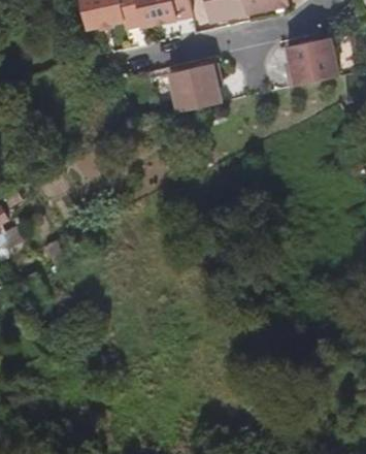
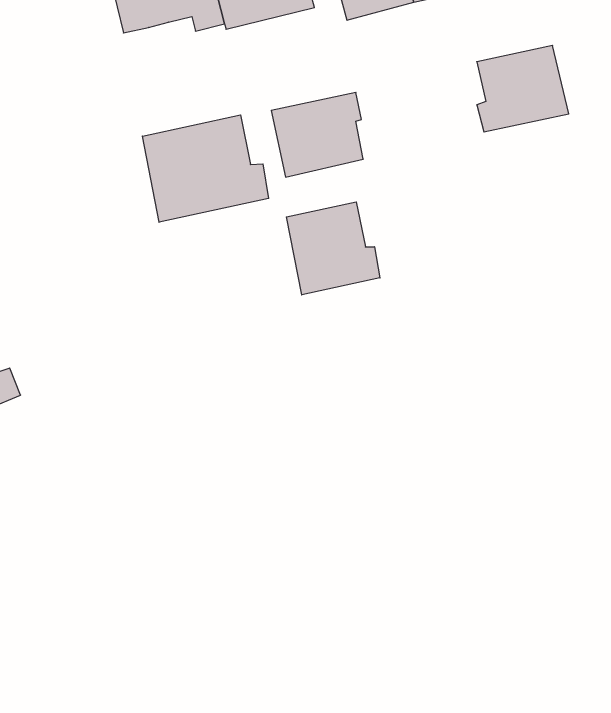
building: none -> [142,115,269,222]
building: none -> [286,202,380,295]

